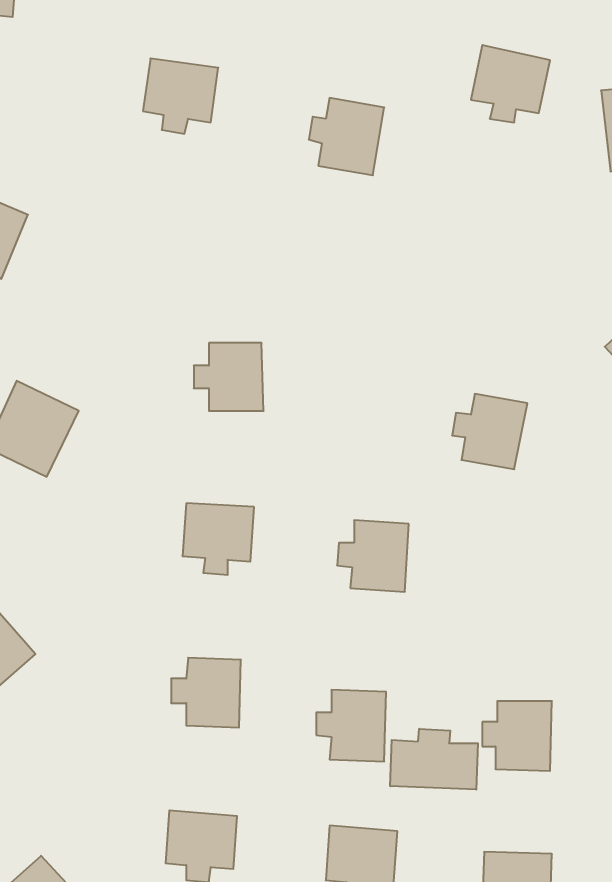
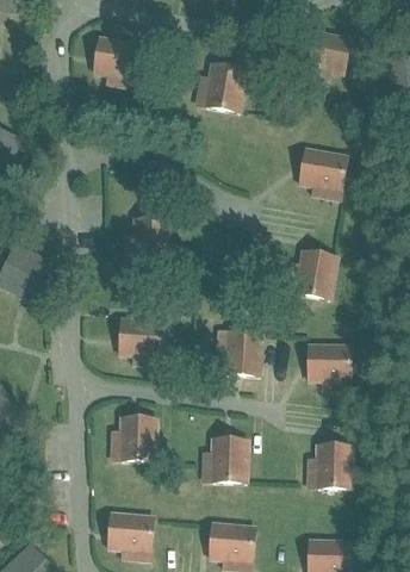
building: none -> [298,148,347,195]
building: none -> [308,344,350,388]
building: [390,729,478,790] -> none

